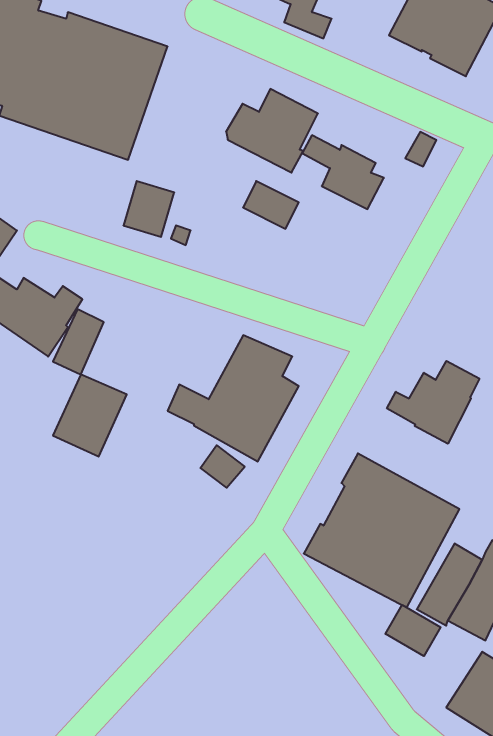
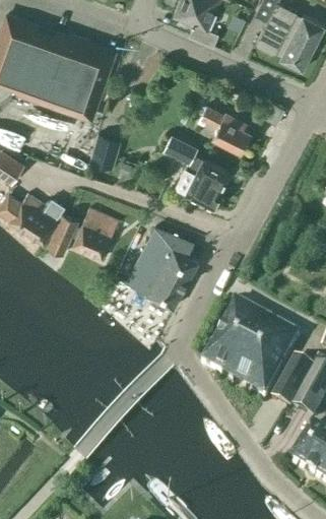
building: [226,89,318,173] -> [177,158,234,210]
building: [387,361,479,444] -> none
building: [53,375,127,457] -> [72,207,118,258]
building: [385,605,441,656] -> none

